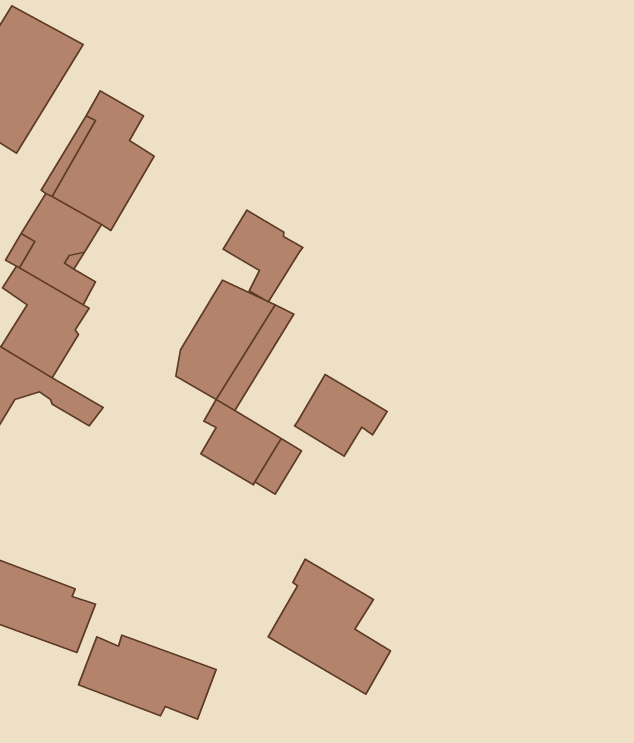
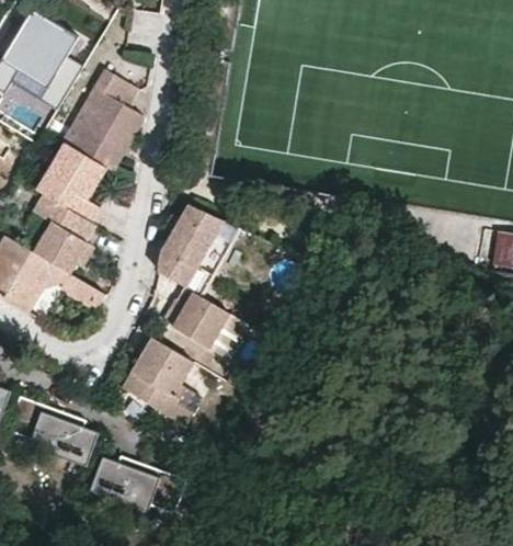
building: [223,210,303,302] -> none
building: [295,374,387,456] -> none
building: [268,559,391,694] -> [117,335,204,431]

